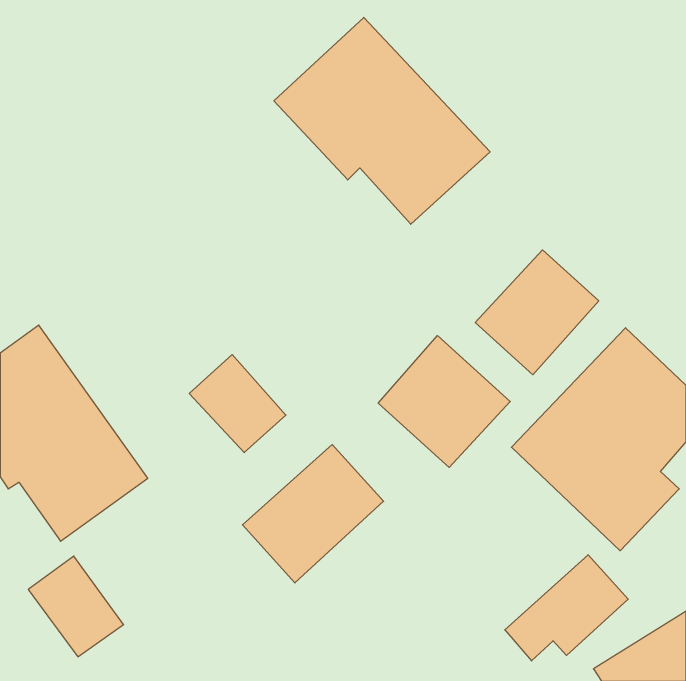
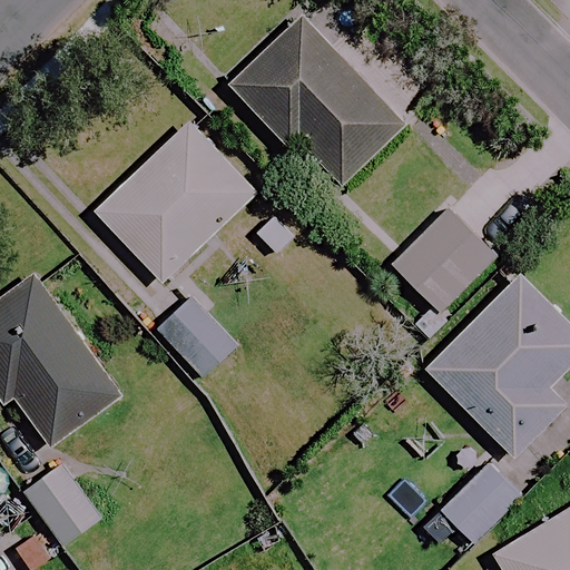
building: none -> [95,121,256,281]
building: [378,336,510,467] -> none
building: [242,445,384,583] -> none

